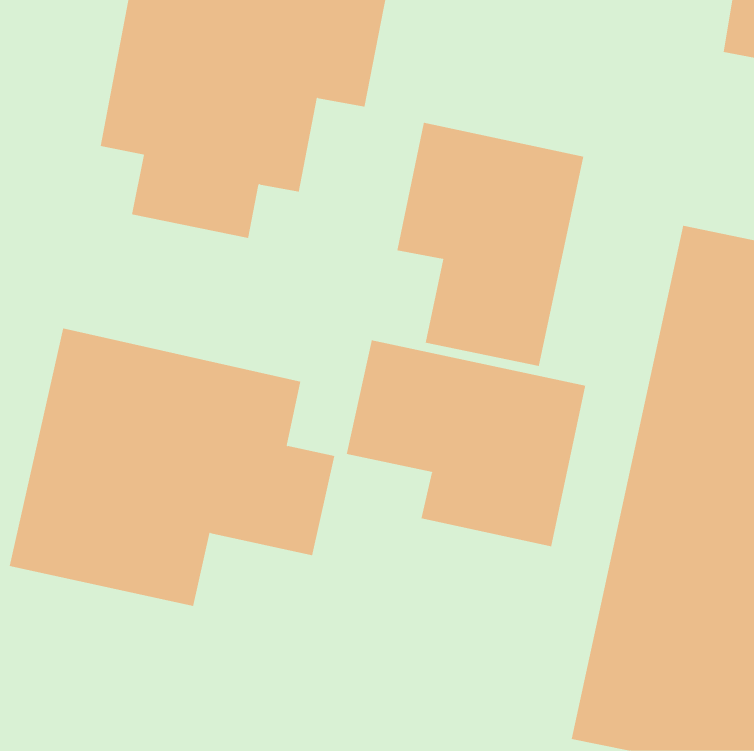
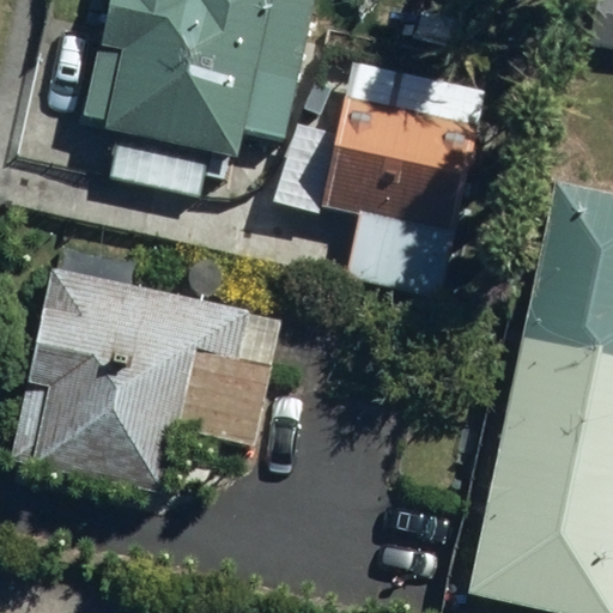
building: [346,339,586,547] -> none

